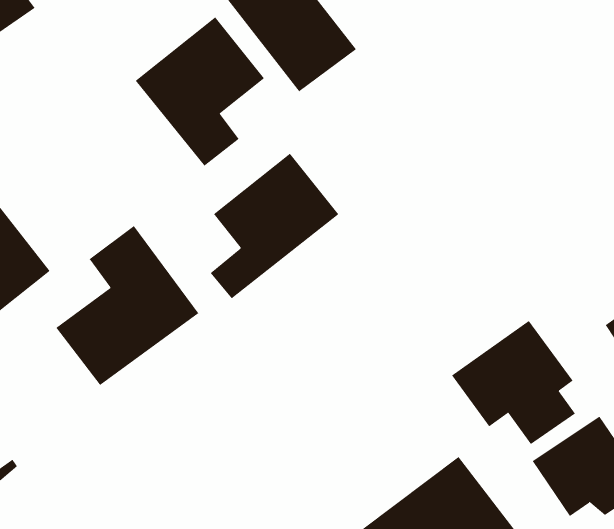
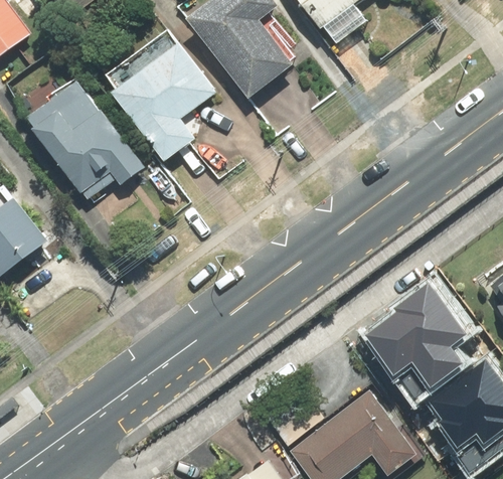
building: none -> [23,79,136,201]
building: [210,153,339,299] -> none
building: [55,225,199,386] -> none

